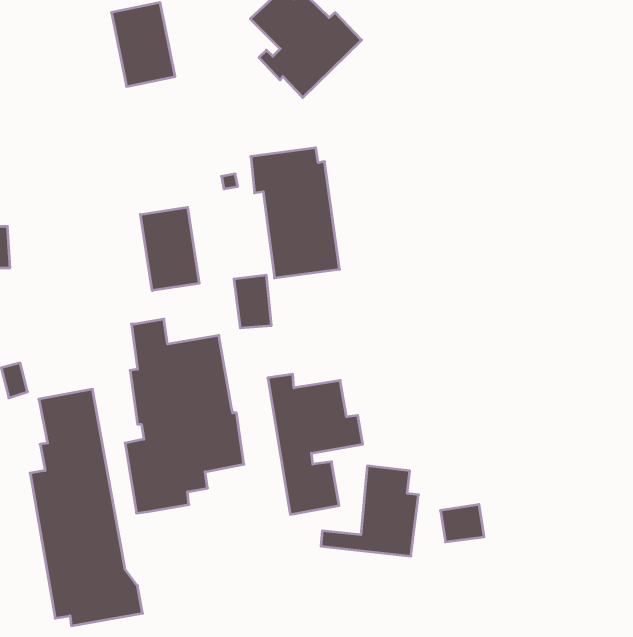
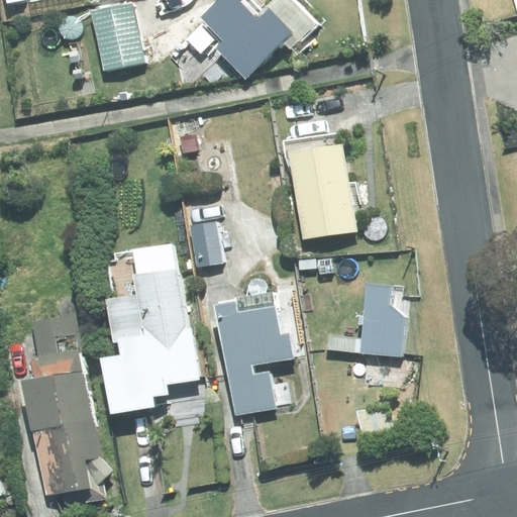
building: [251,148,340,278] -> [283,134,354,239]
building: [140,207,199,291] -> none
building: [321,466,419,556] -> [328,284,407,356]

